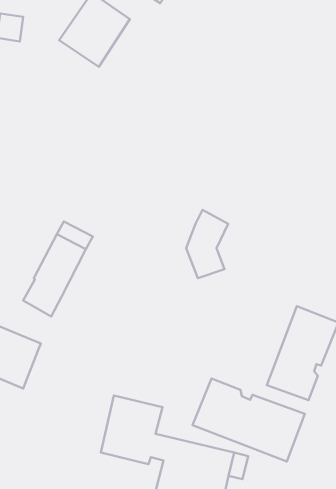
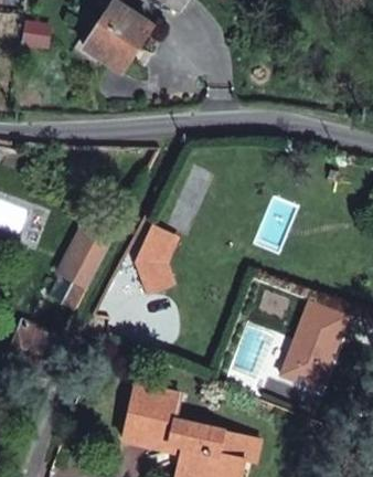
building: [186,210,228,278] -> [135,225,174,290]
building: [192,379,305,461] -> none

